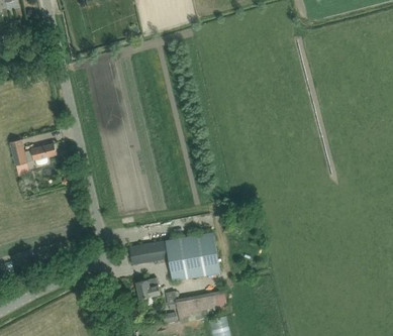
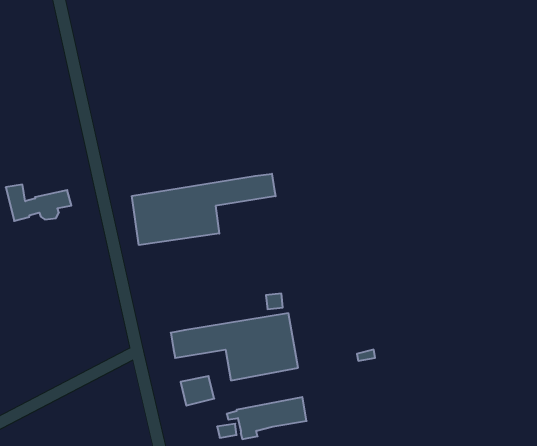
building: none -> [132,174,276,245]

